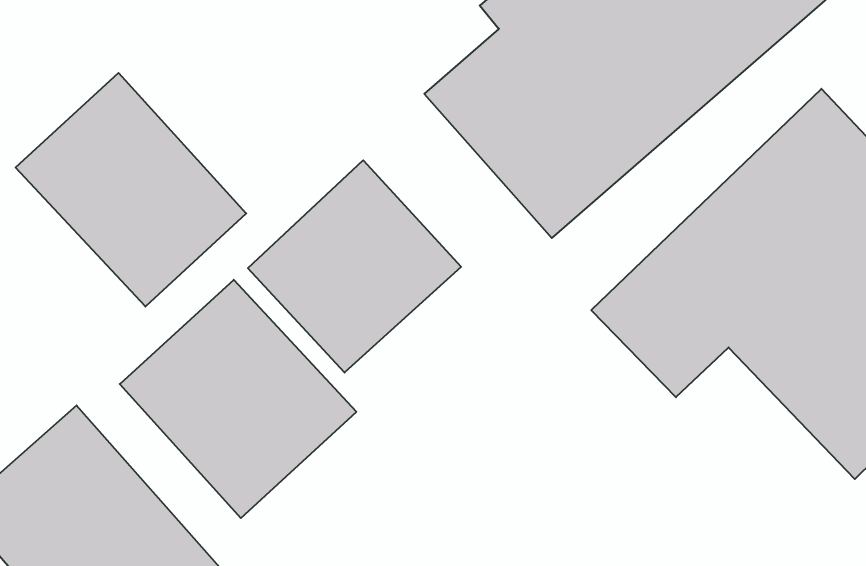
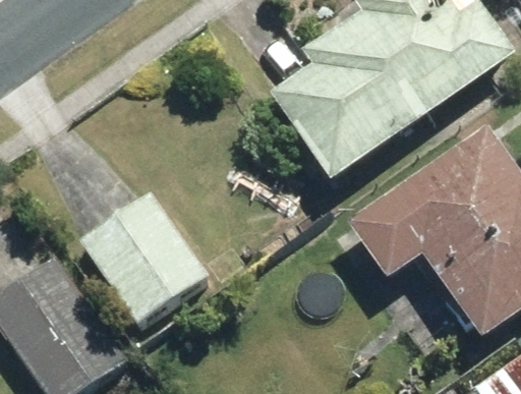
building: [16,73,246,307] -> none
building: [248,160,461,373] -> none

